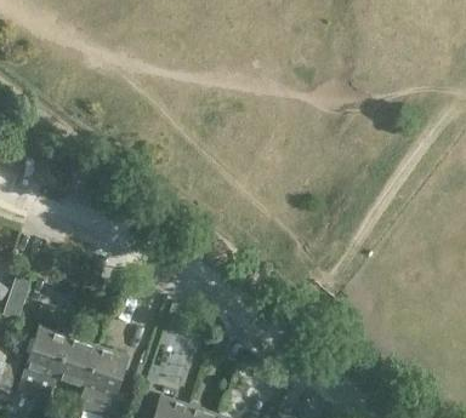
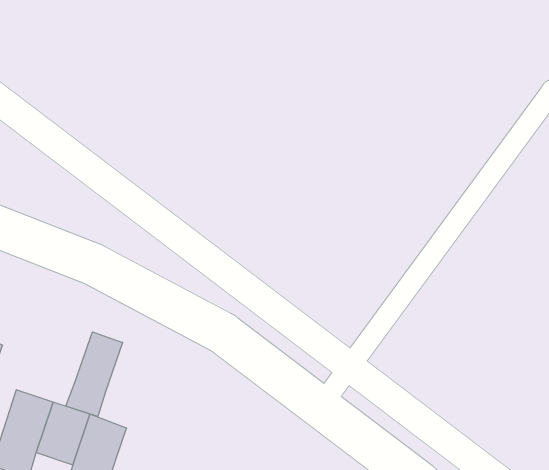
building: none -> [66,332,123,417]

